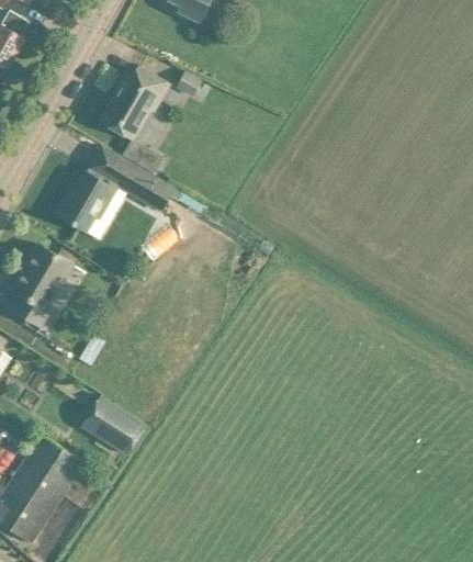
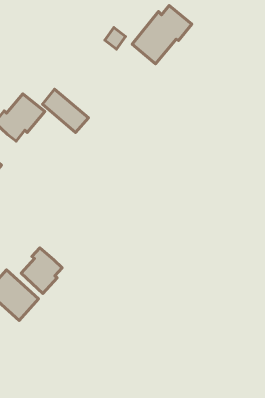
building: [100,65,170,140] -> [132,5,192,64]
building: none -> [21,248,62,293]

